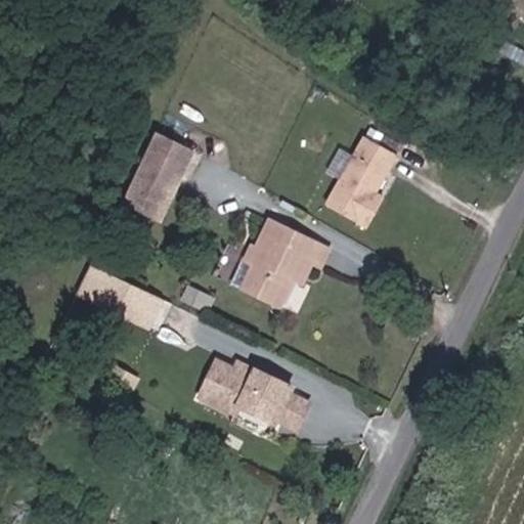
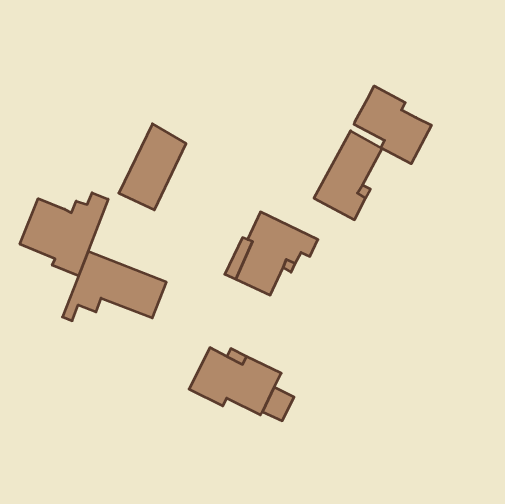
building: none -> [354,86,431,164]
building: none -> [20,193,108,276]

